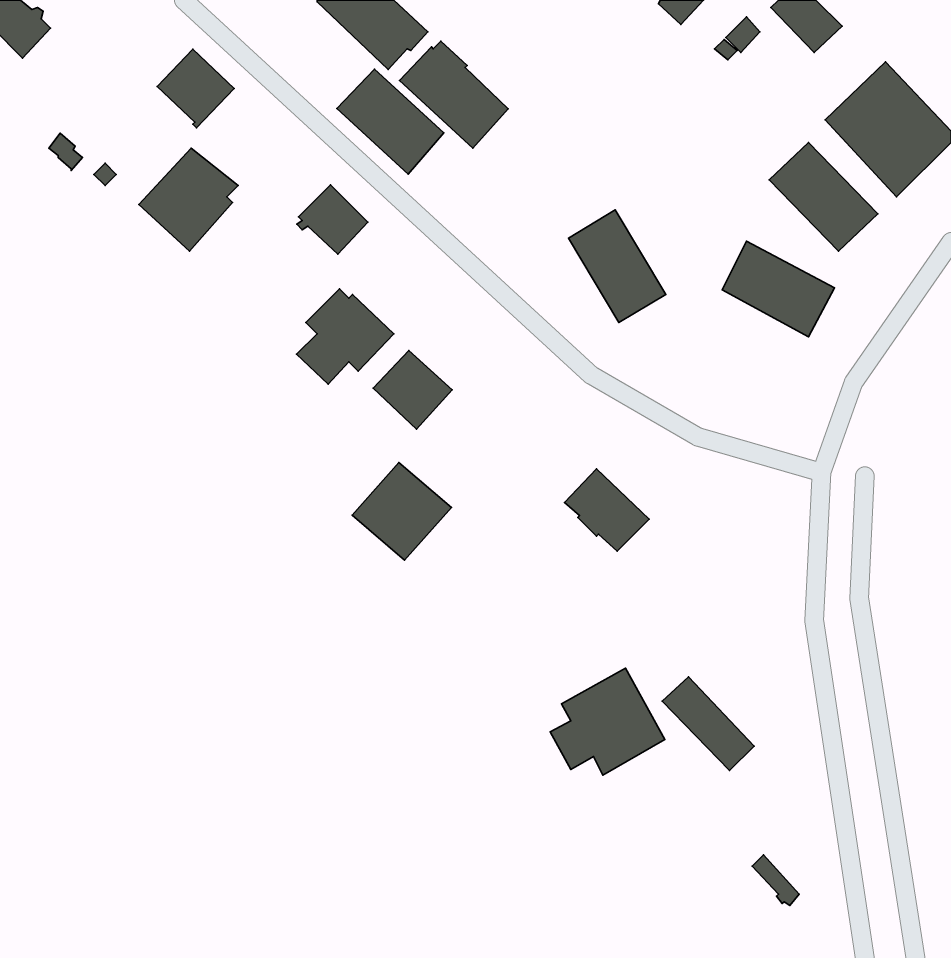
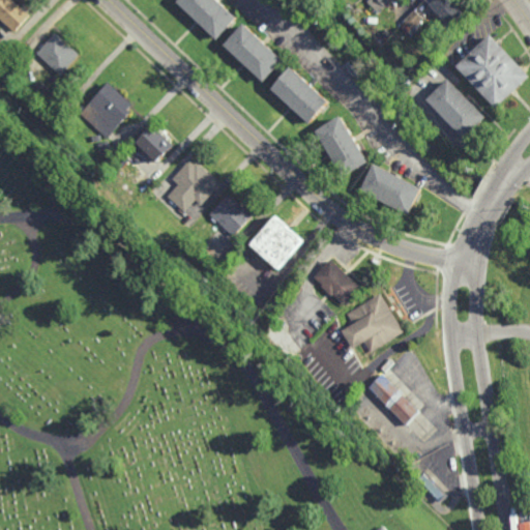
building: [157,49,234,128] -> [34,32,77,76]
building: [337,69,444,174] -> [268,66,327,124]
building: [297,185,368,254] -> [131,124,171,163]
building: [722,241,835,337] -> [359,164,421,216]
building: [352,463,451,560] -> [246,215,301,269]
building: [550,668,665,775] -> [337,293,401,352]

